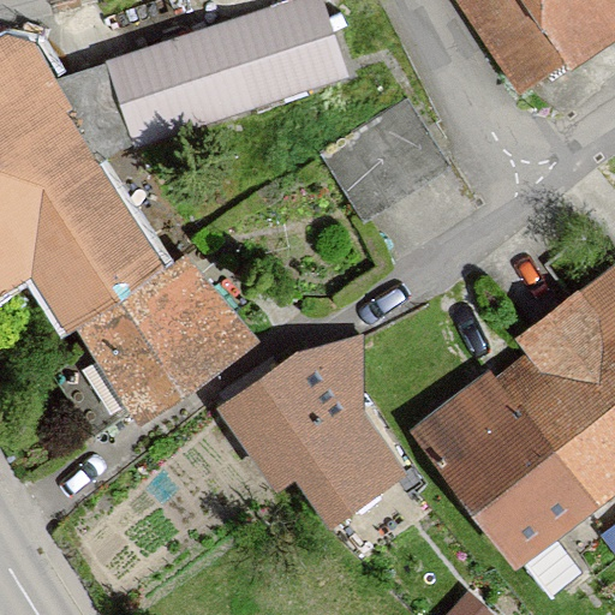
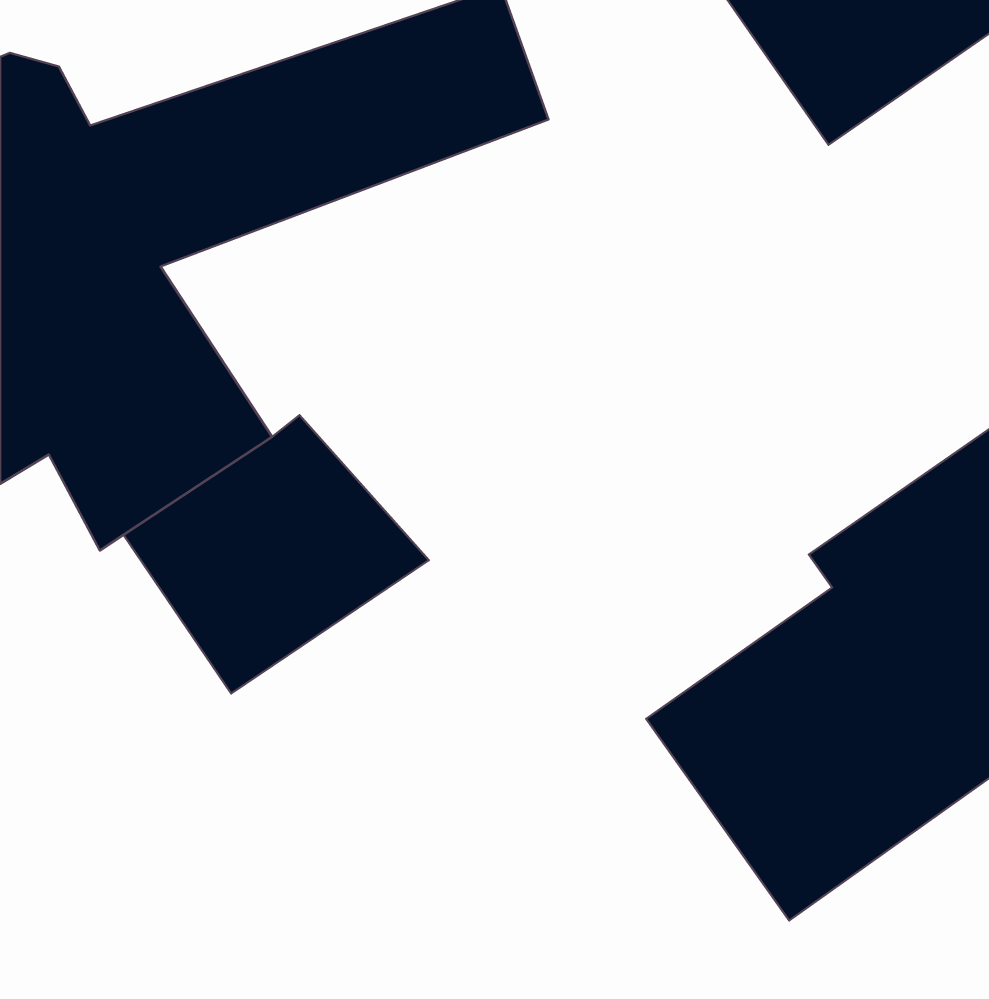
building: [320,102,449,222] -> none
building: [210,338,389,517] -> none

